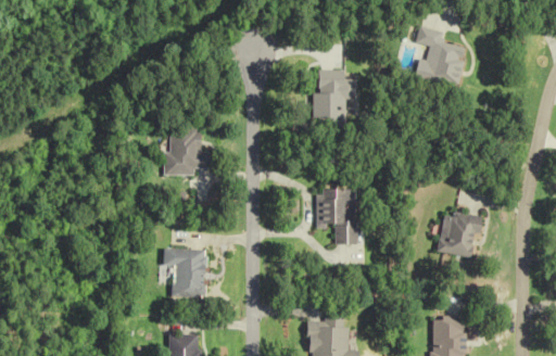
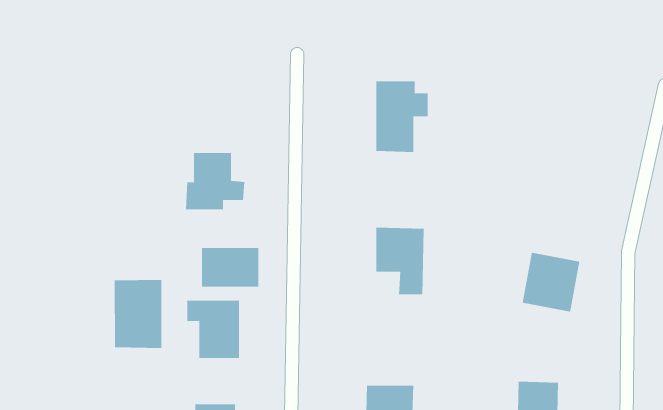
building: [417,26,470,89] -> none
building: none -> [201,247,259,288]
building: none -> [114,279,162,349]

